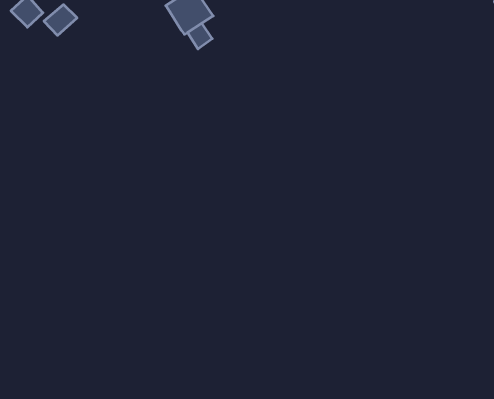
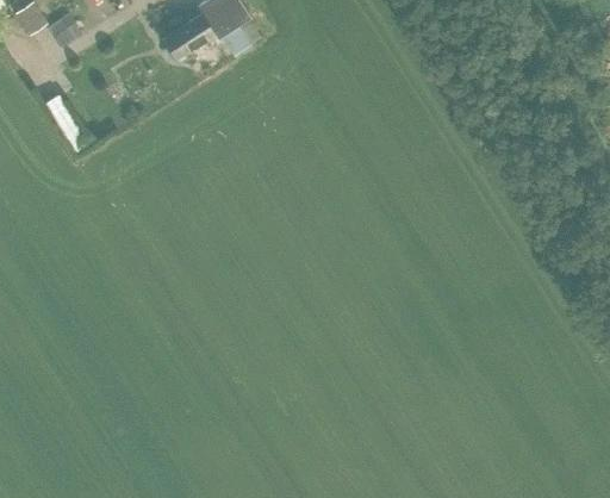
building: none -> [157,15,211,63]

